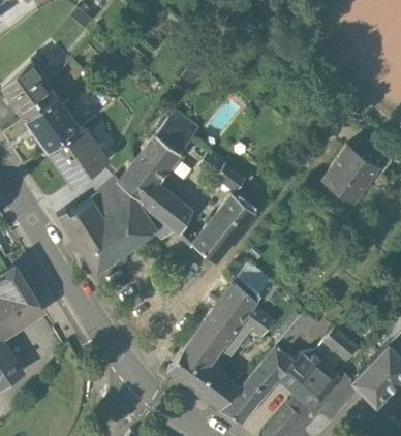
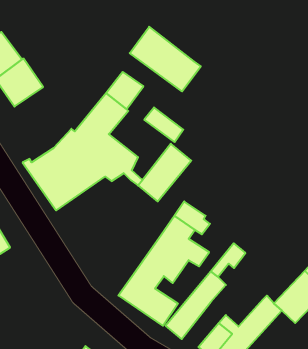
building: none -> [130,27,201,91]
building: [49,127,110,187] -> none
building: [325,149,379,205] -> none
building: [322,329,357,362] -> none
building: [277,352,338,409] -> none

